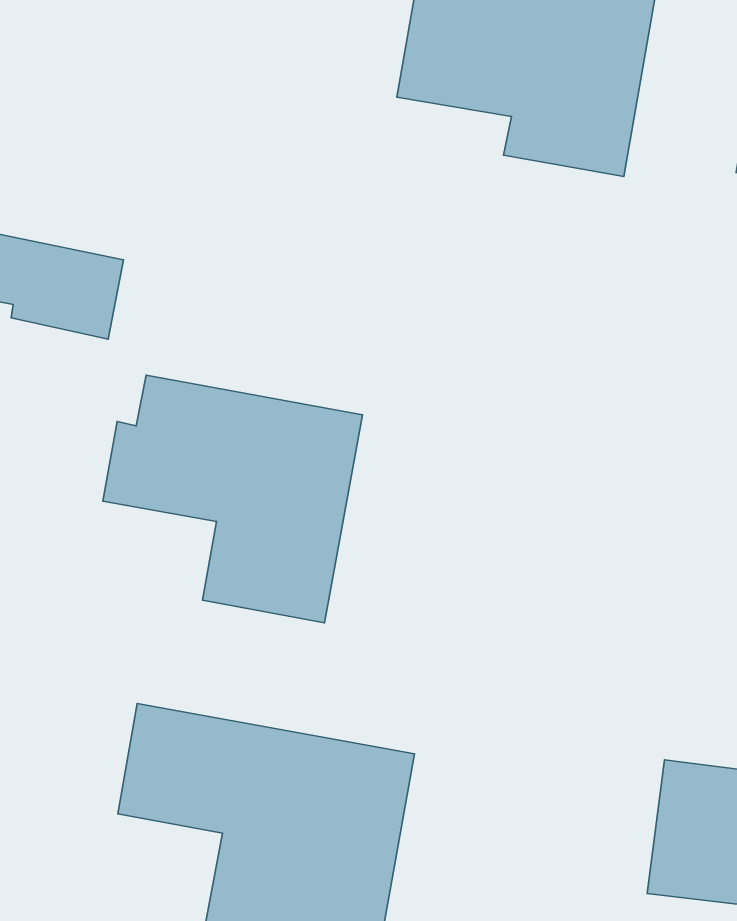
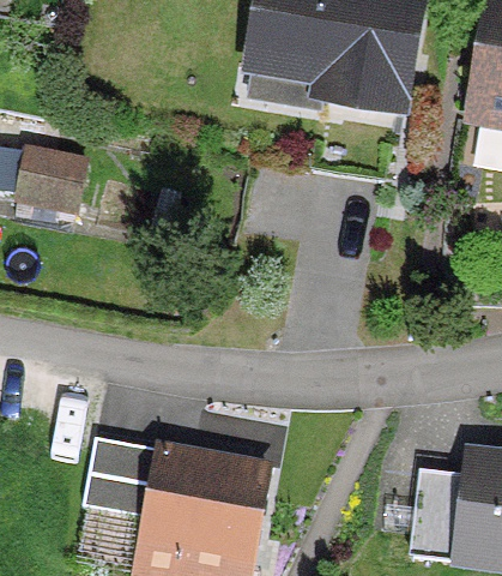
building: [103,375,362,623] -> none

